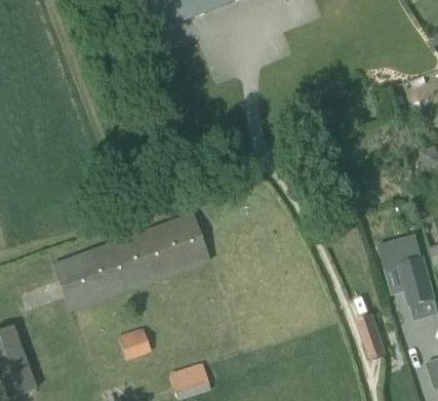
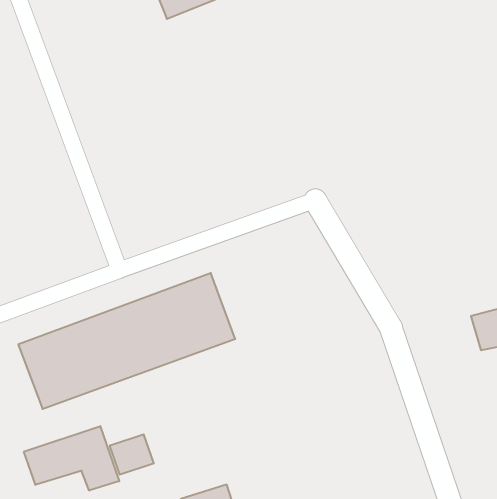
building: [356,313,387,359] -> none
building: none -> [24,426,119,491]

